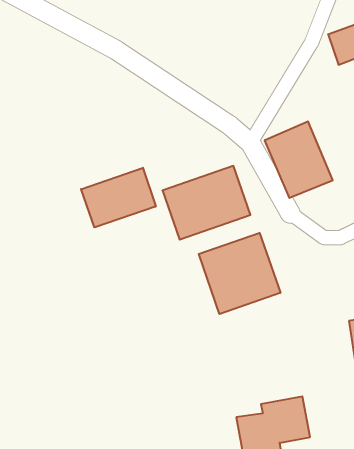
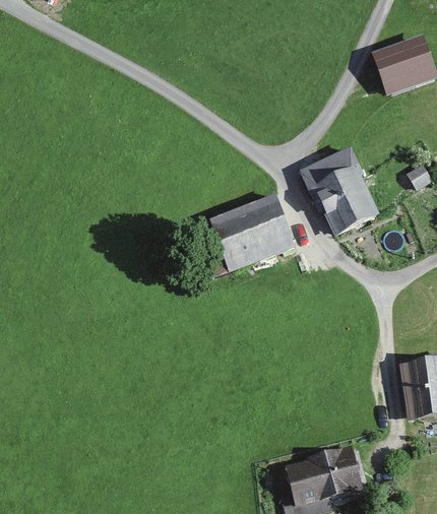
building: [81,168,156,227] -> none
building: [199,233,280,314] -> none

